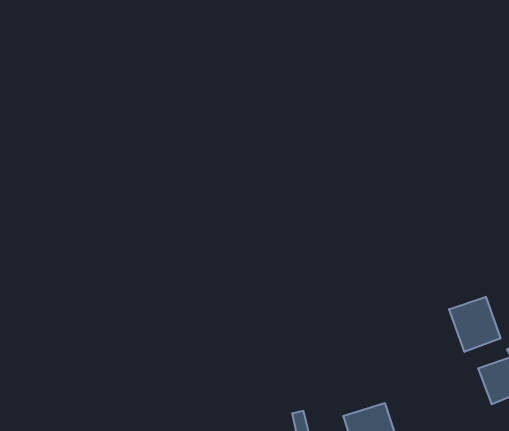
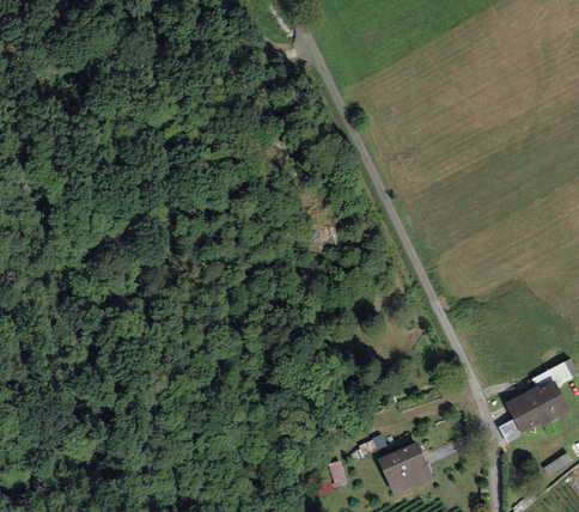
building: [449,297,500,352] -> none

